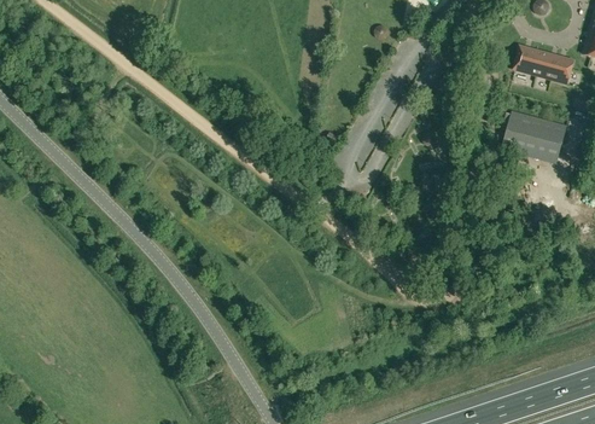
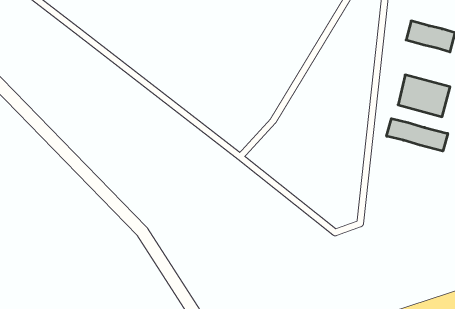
building: none -> [387,119,448,151]

